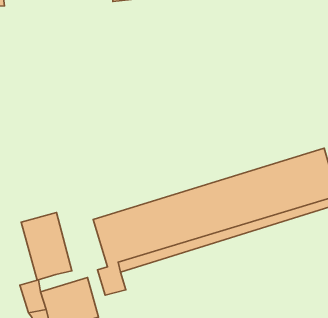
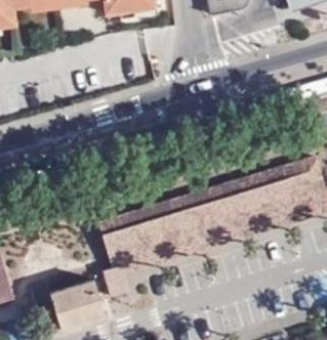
building: [21,212,72,280] -> none

